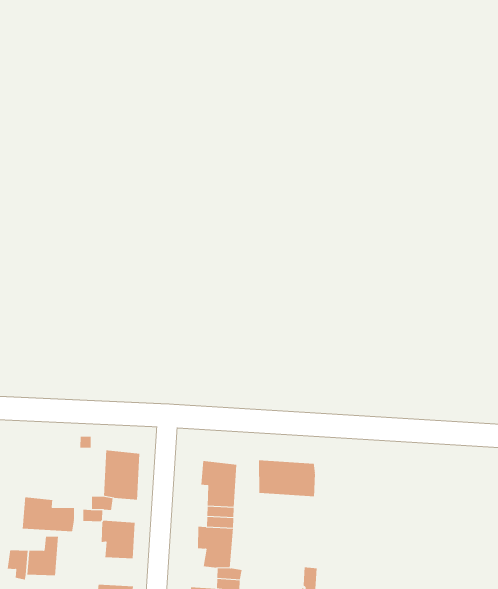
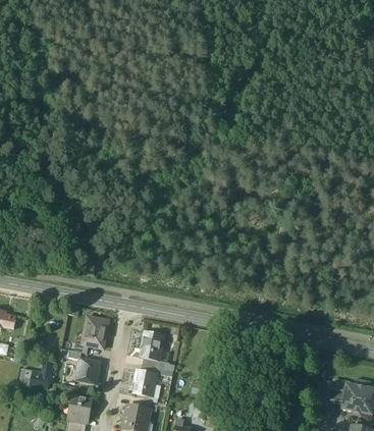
building: [258,459,315,497] -> none
building: [22,497,74,532] -> none

